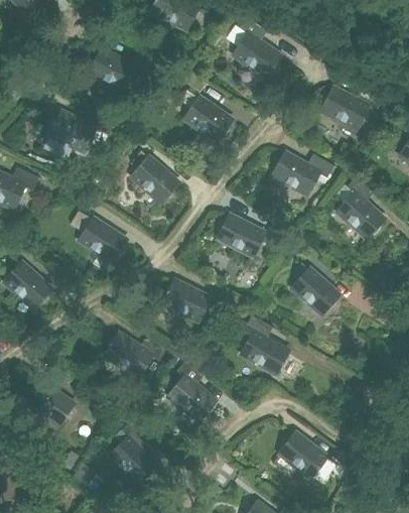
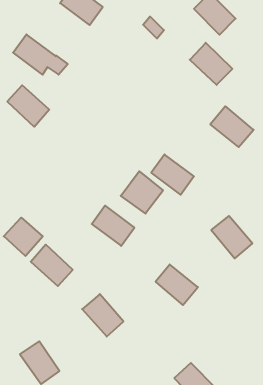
building: [185,96,233,139] -> [190,43,232,85]
building: [133,156,179,201] -> none
building: [81,218,127,260] -> [7,85,49,127]
building: none -> [121,171,163,214]
building: none -> [4,218,43,256]

